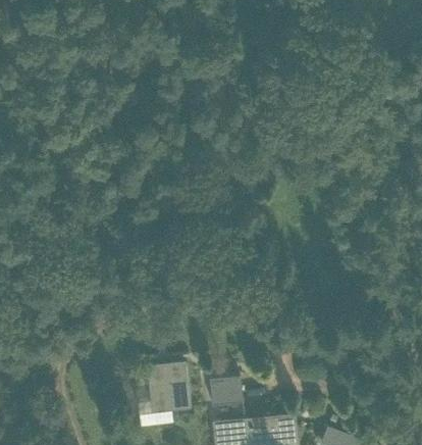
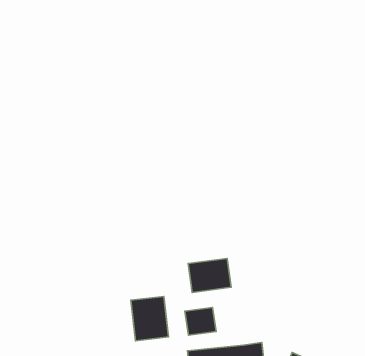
building: none -> [188,258,231,292]

